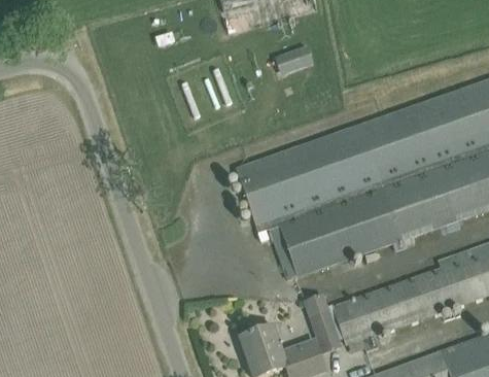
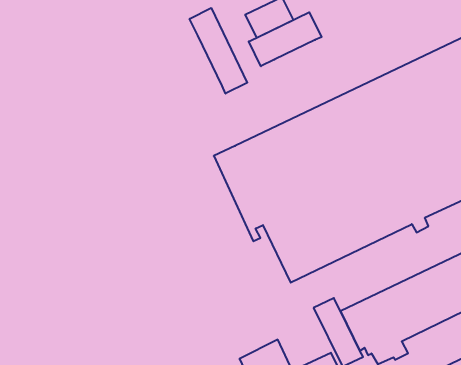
building: none -> [190,8,247,94]
building: none -> [249,12,322,66]

